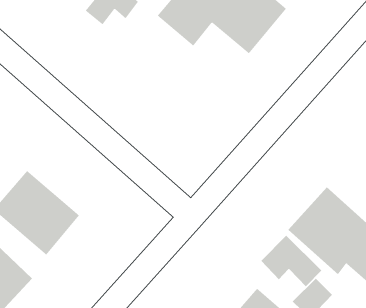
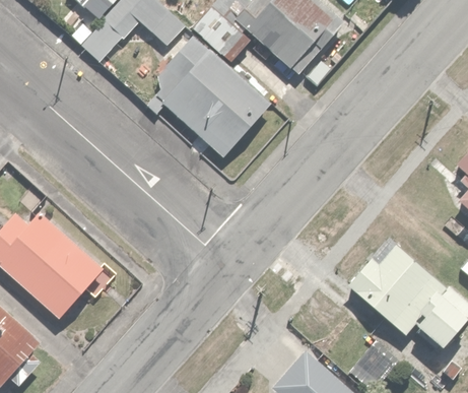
building: none -> [151,36,267,155]
building: [260,235,322,287] -> none

